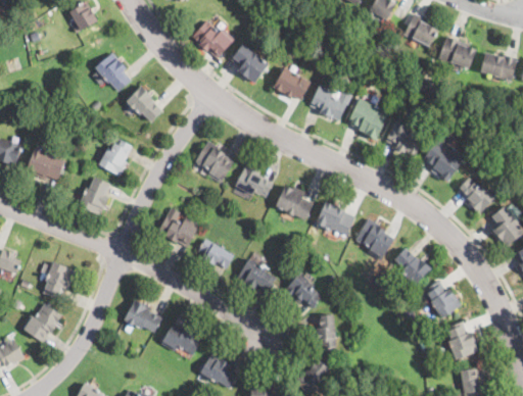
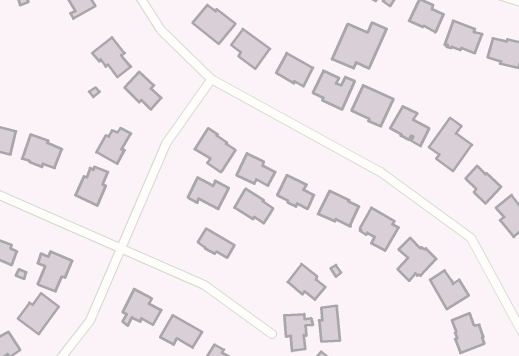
building: none -> [332,23,387,68]
building: [157,215,197,246] -> [188,178,229,209]
building: [237,259,275,293] -> [234,189,273,223]
building: none -> [284,314,313,351]

